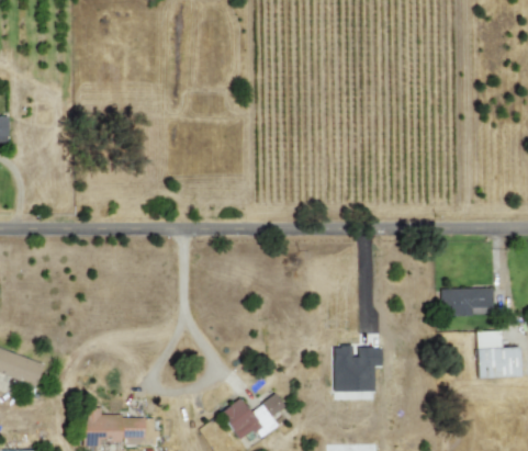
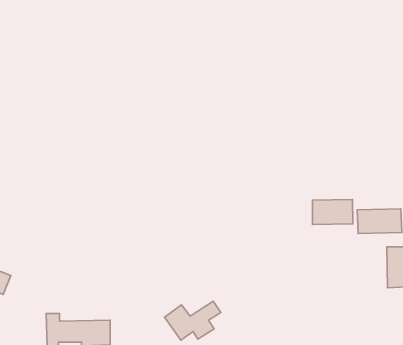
building: none -> [312,199,353,225]
building: [334,346,382,393] -> none

